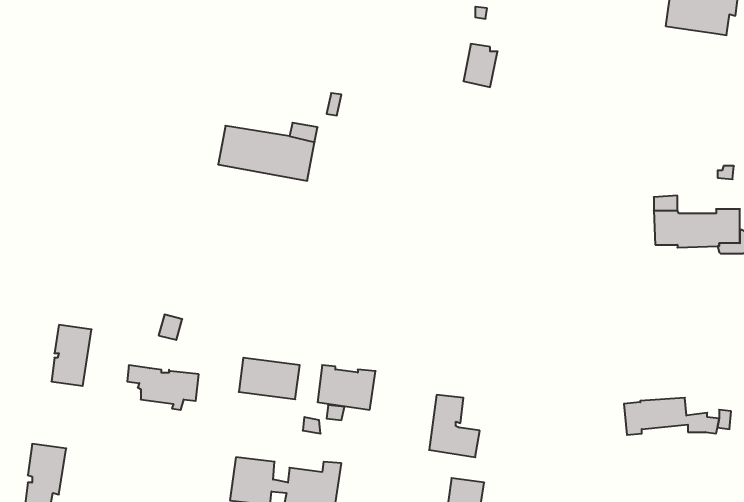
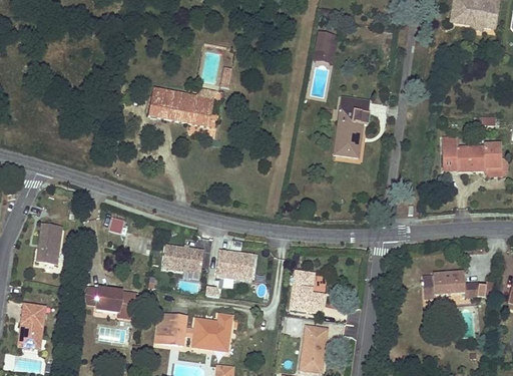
building: none -> [334,96,369,157]
building: [127,365,199,410] -> [87,286,135,316]

